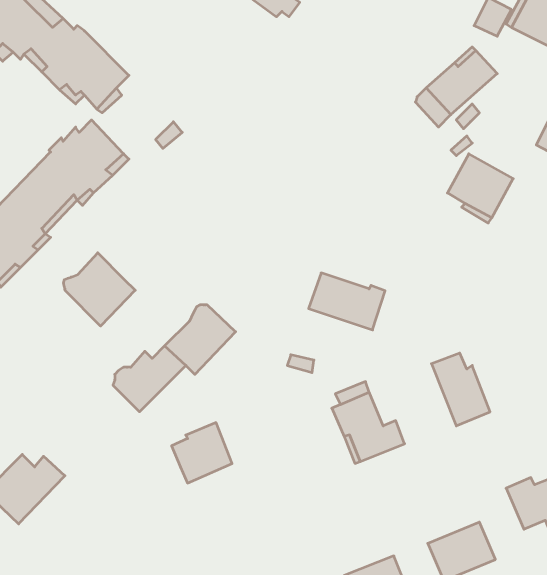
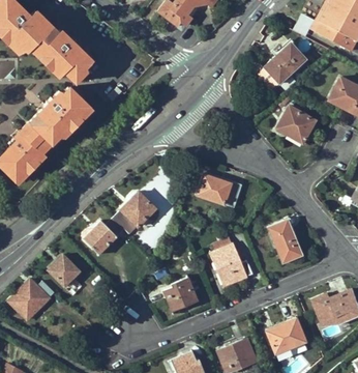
building: [64,253,135,326] -> none
building: none -> [49,255,79,285]
building: [172,423,232,483] -> [162,277,198,312]

